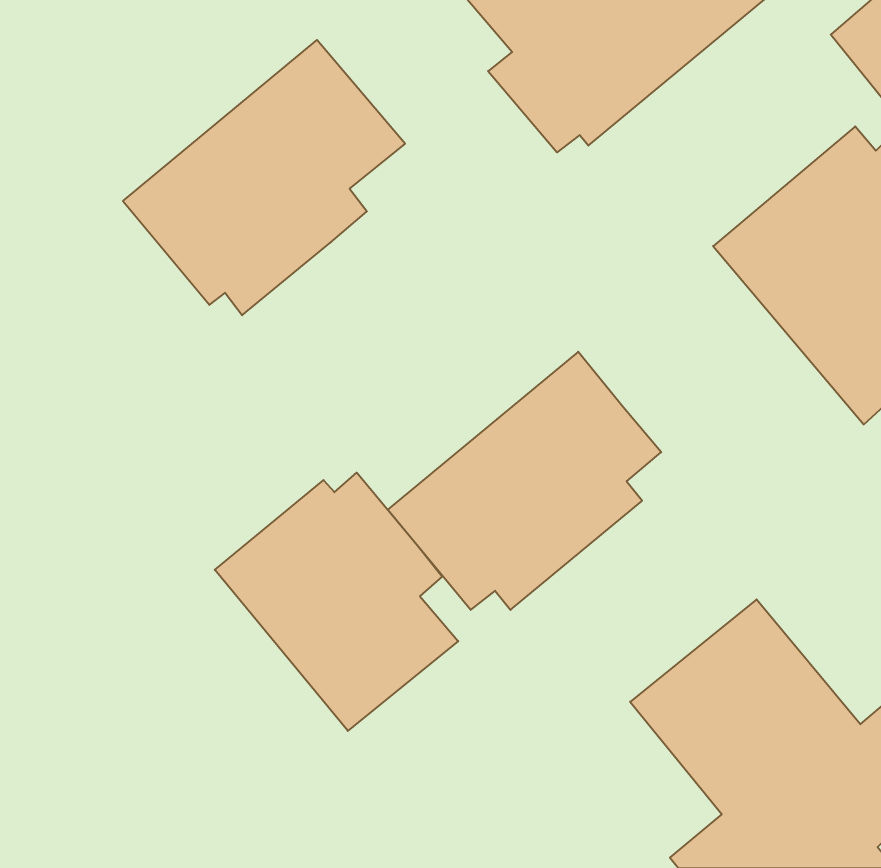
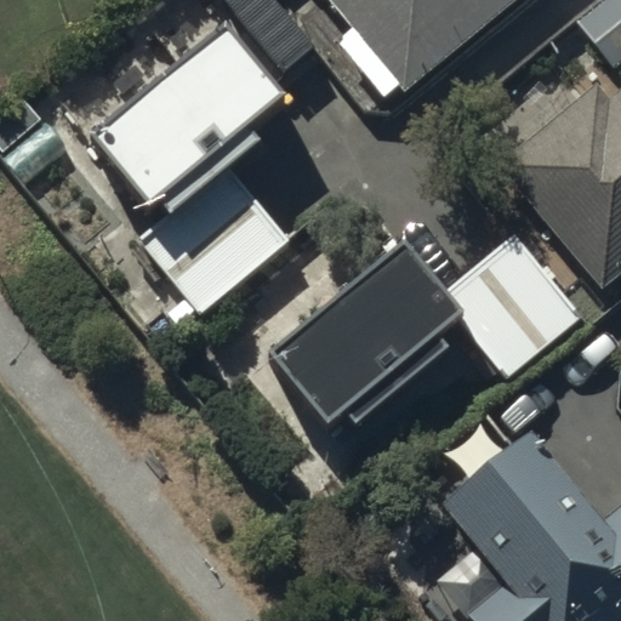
building: none -> [133,170,281,302]
building: none -> [439,223,581,366]
building: [215,473,458,731] -> none

